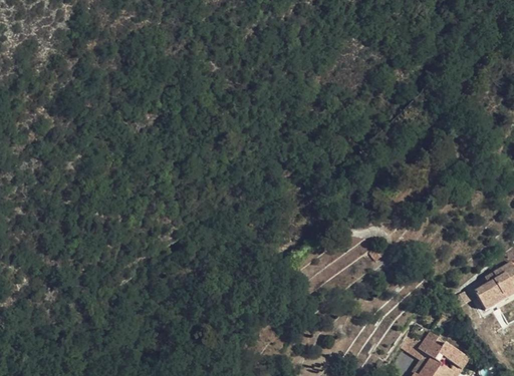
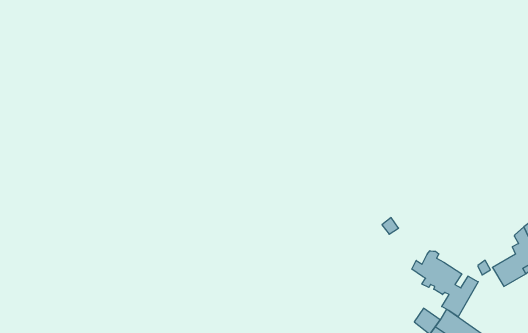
building: none -> [412,251,478,317]

